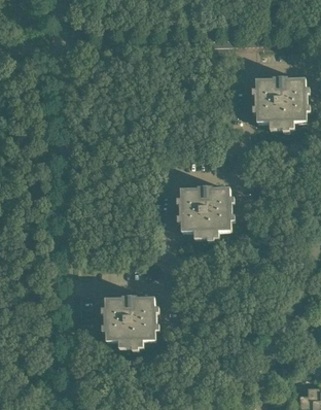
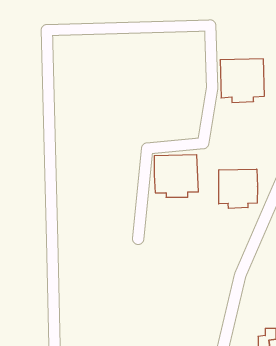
building: none -> [219,169,257,208]
building: [105,299,154,348] -> none

